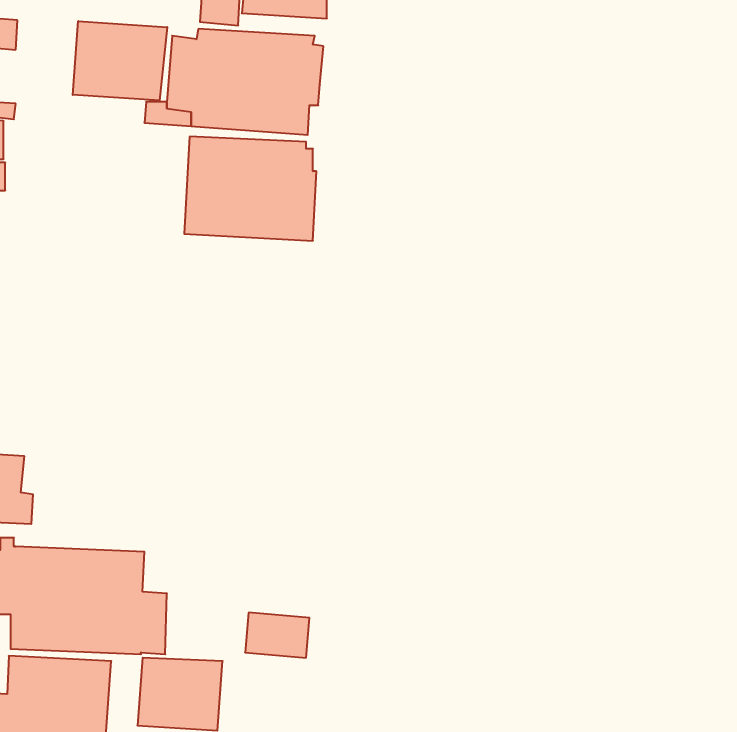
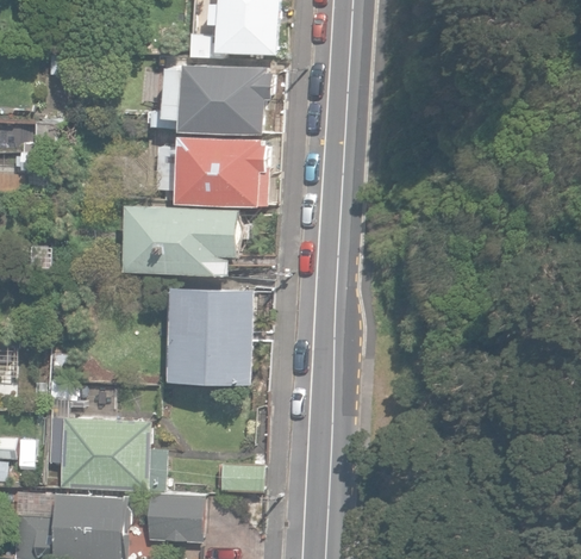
building: [73,21,167,101] -> none
building: none -> [123,204,238,277]
building: none -> [163,286,252,384]

